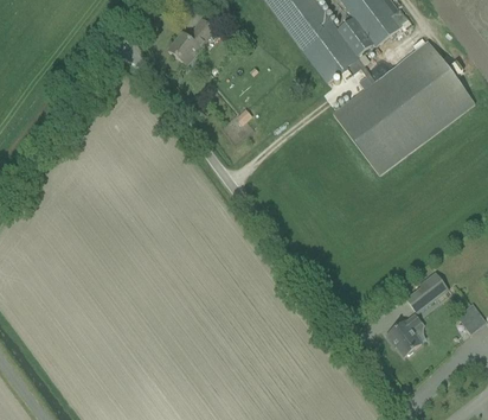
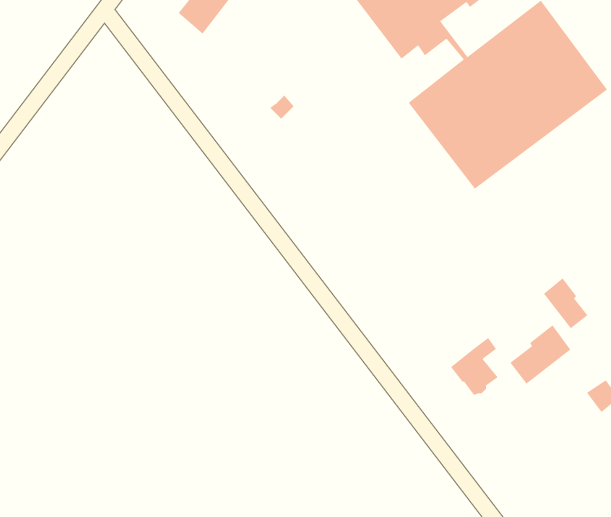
building: none -> [543,278,588,329]
building: [387,313,422,355] -> [450,337,499,396]

